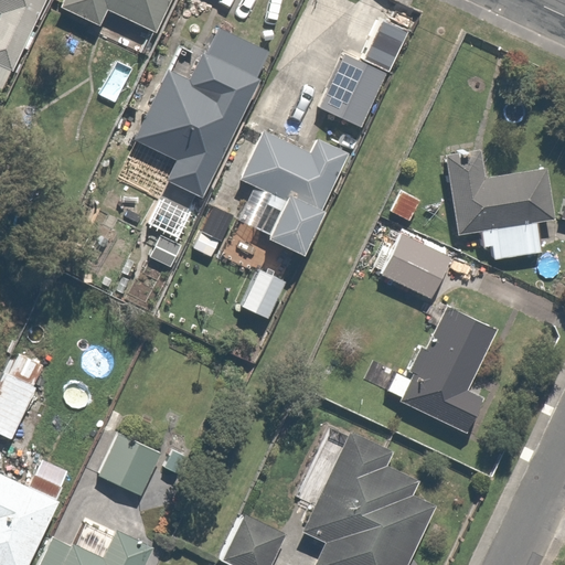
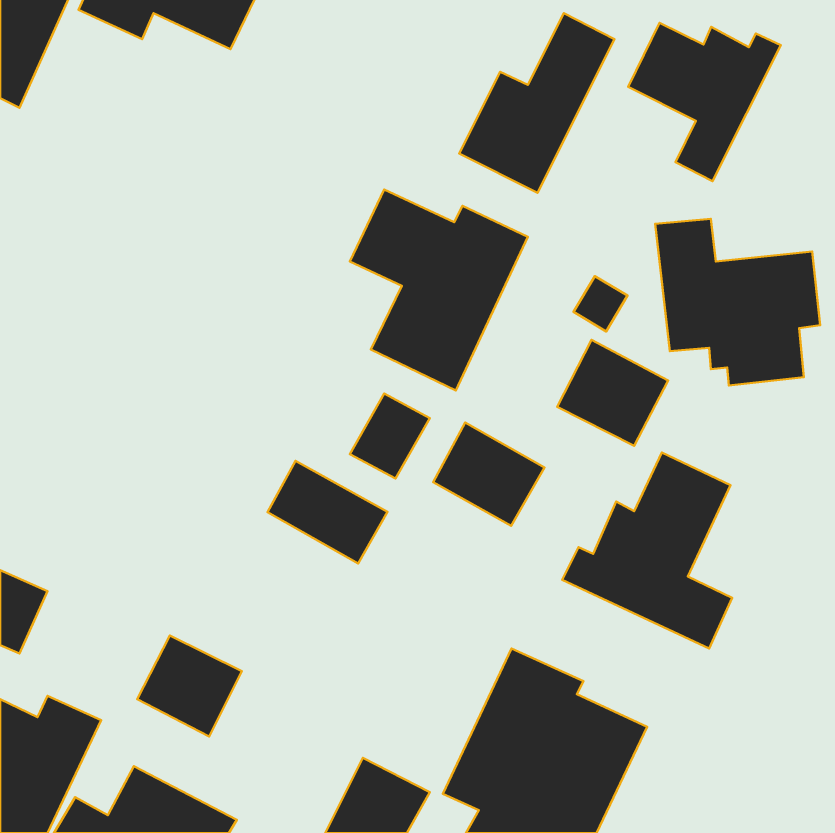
building: none -> [628,23,781,181]
building: [129,25,275,202] -> none
building: none -> [433,423,544,526]
building: none -> [267,461,388,564]

